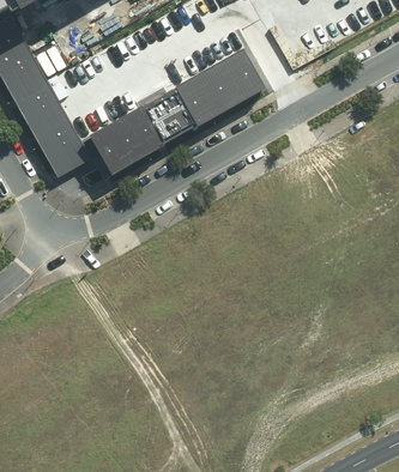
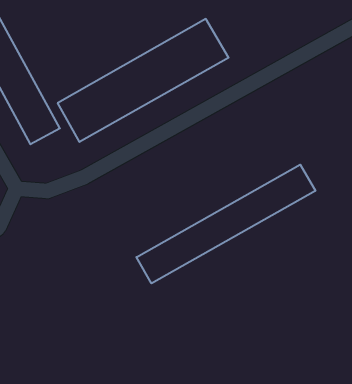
building: none -> [136,165,315,283]

